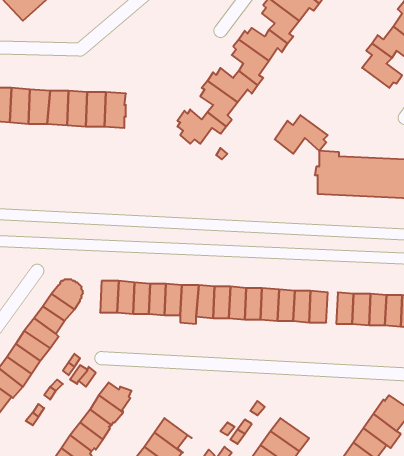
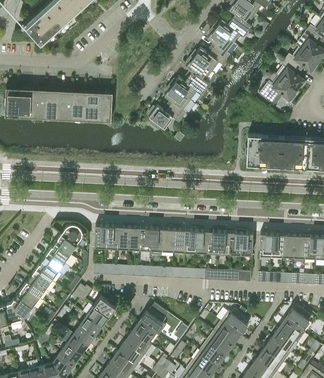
building: [275,115,328,154] -> [259,77,296,104]
building: none -> [139,308,166,336]
building: none -> [220,309,249,336]

